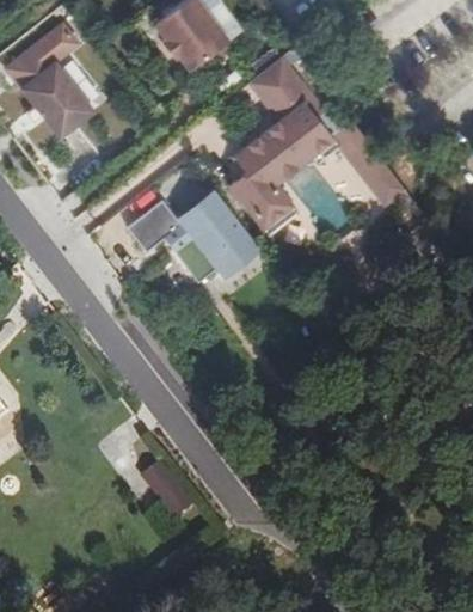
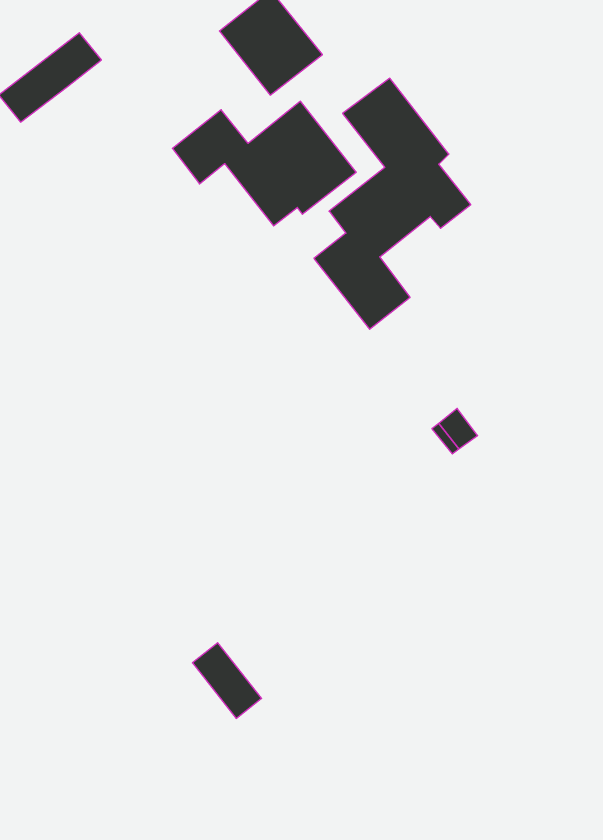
building: [20,62,92,137] -> none
building: [127,194,257,282] -> [172,101,356,226]

